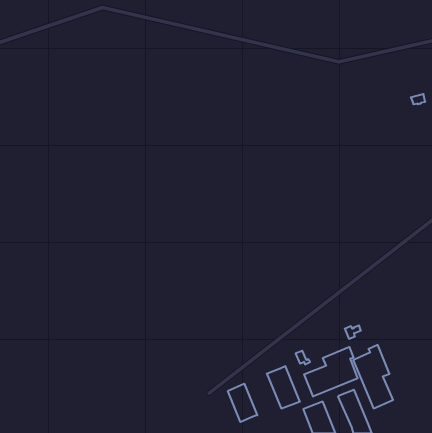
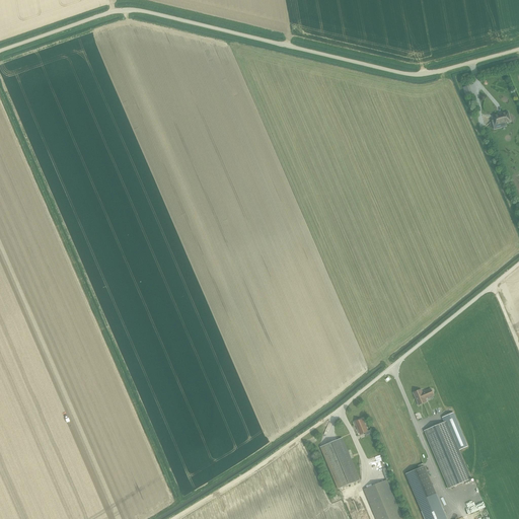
building: [304,347,358,397] -> none
building: [228,384,257,422] -> none

